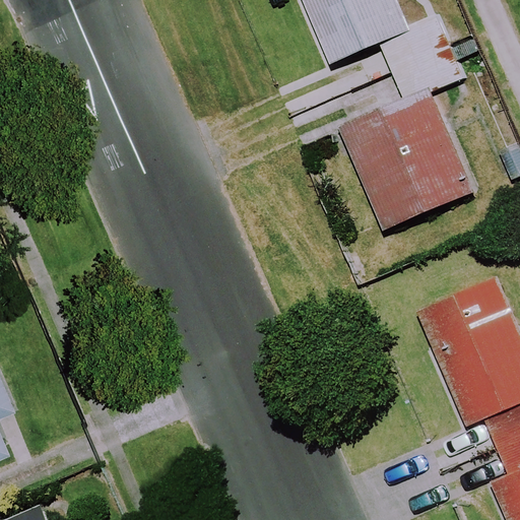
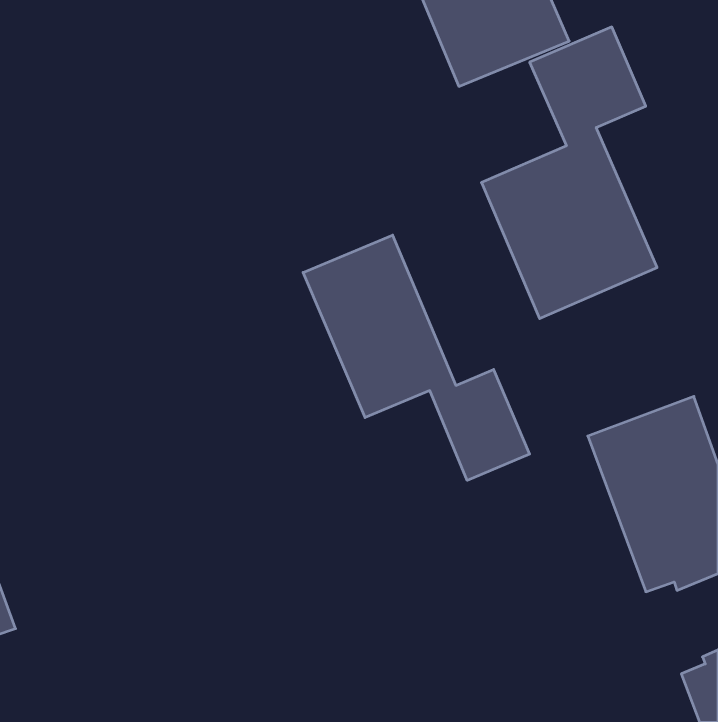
building: none -> [303,235,530,480]

